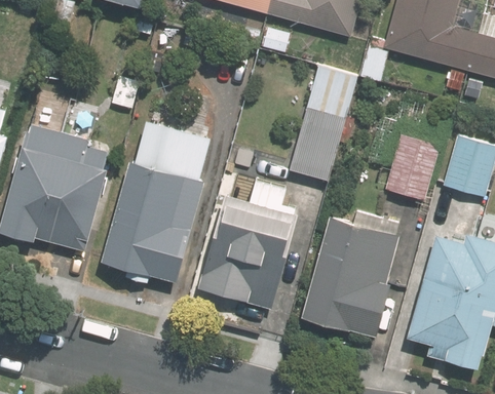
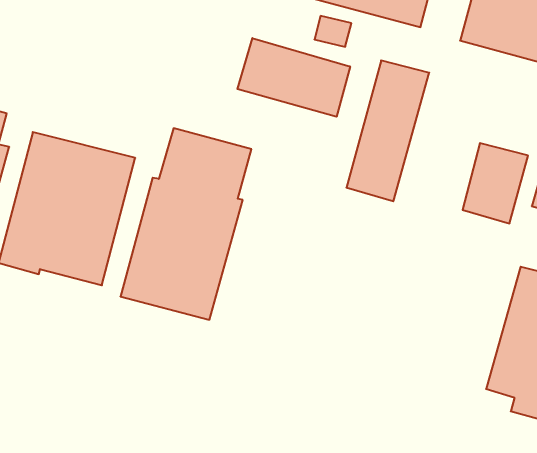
building: none -> [237,38,350,117]
building: [197,188,301,309] -> none
building: [300,216,397,338] -> none

